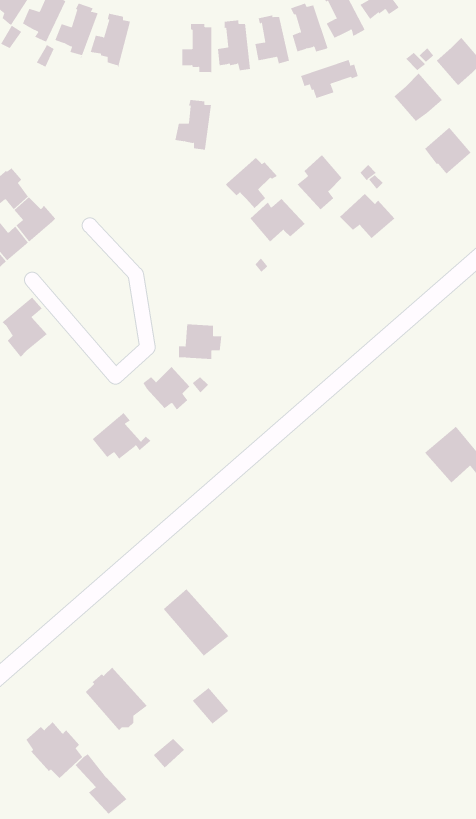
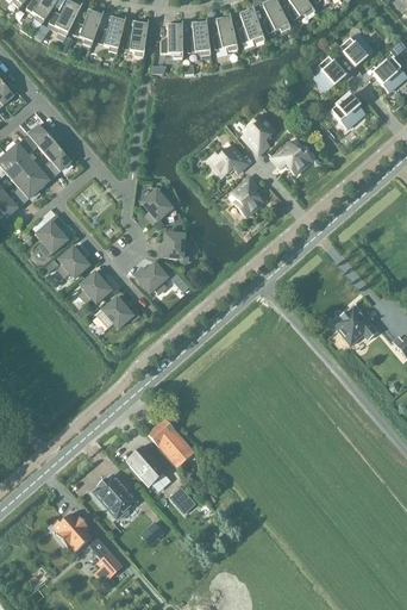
building: [298,59,359,99] -> none
building: [175,99,212,154] -> [123,19,149,57]
building: [224,157,278,209] -> none
building: none -> [232,176,263,216]
building: none -> [142,189,173,223]
building: none -> [58,244,89,278]
building: none -> [81,269,111,303]
building: none -> [126,443,168,486]

